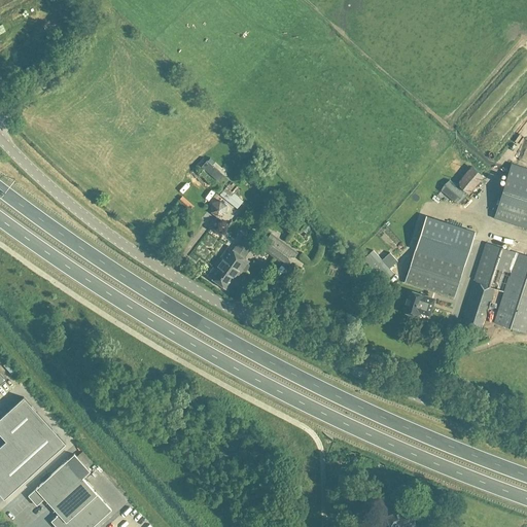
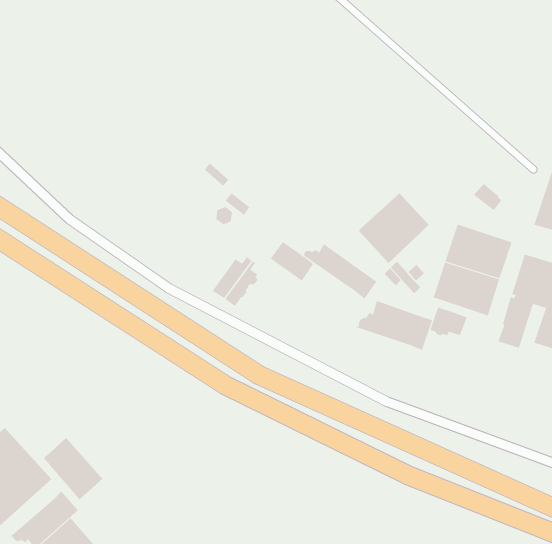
building: [456,166,483,196] -> none
building: none -> [358,192,430,264]
building: none -> [301,243,377,299]
building: none -> [356,300,433,351]
building: none -> [43,437,103,500]

